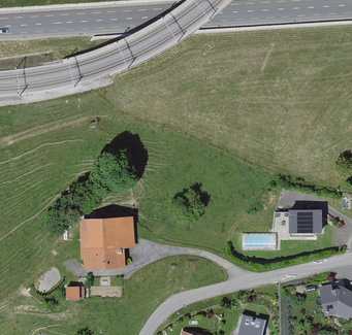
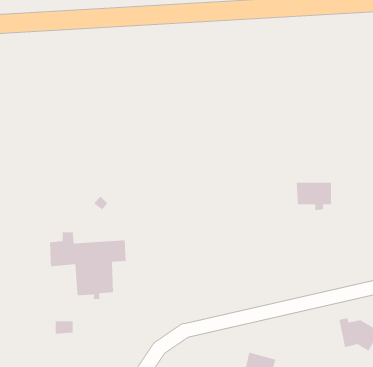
building: [288,210,320,236] -> [296,182,332,211]

